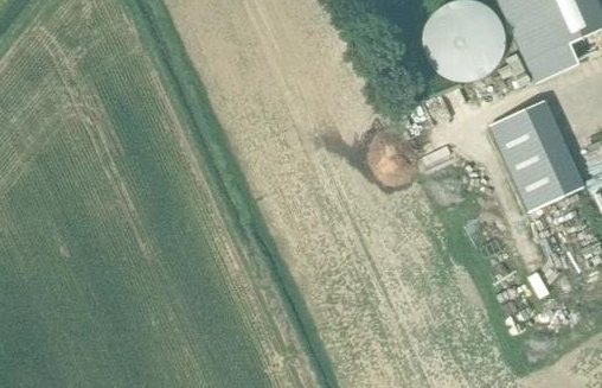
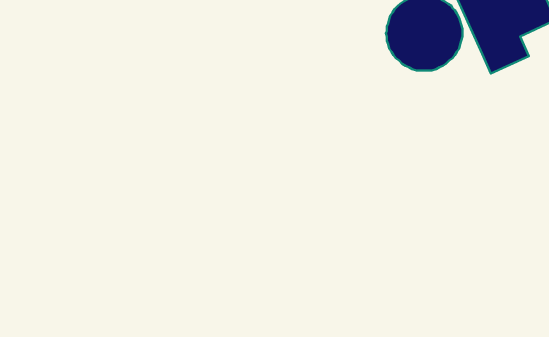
building: [491,95,579,208] -> none

